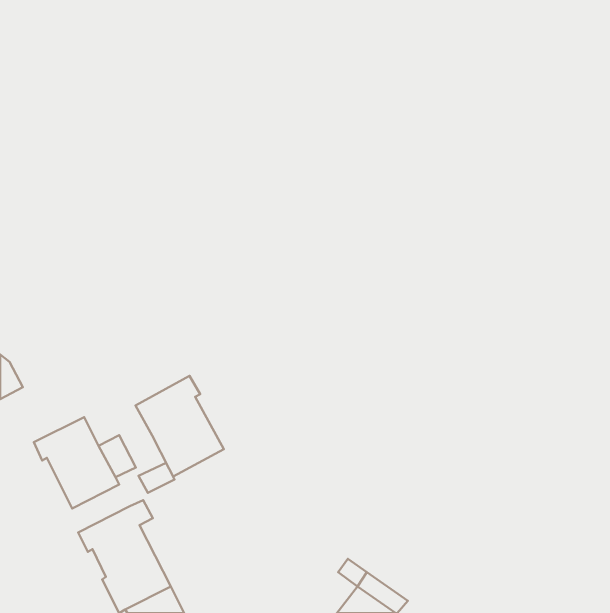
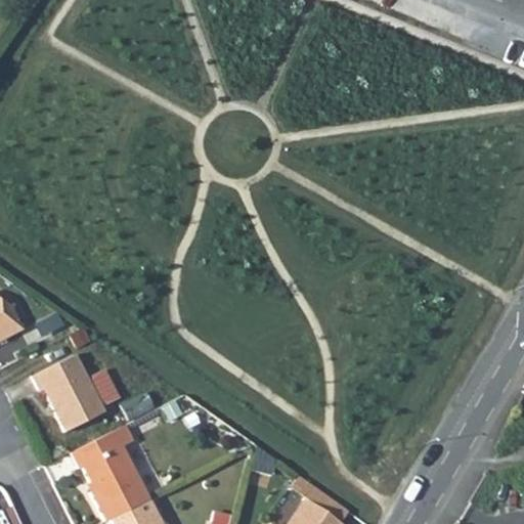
building: [136,376,224,476] -> none

